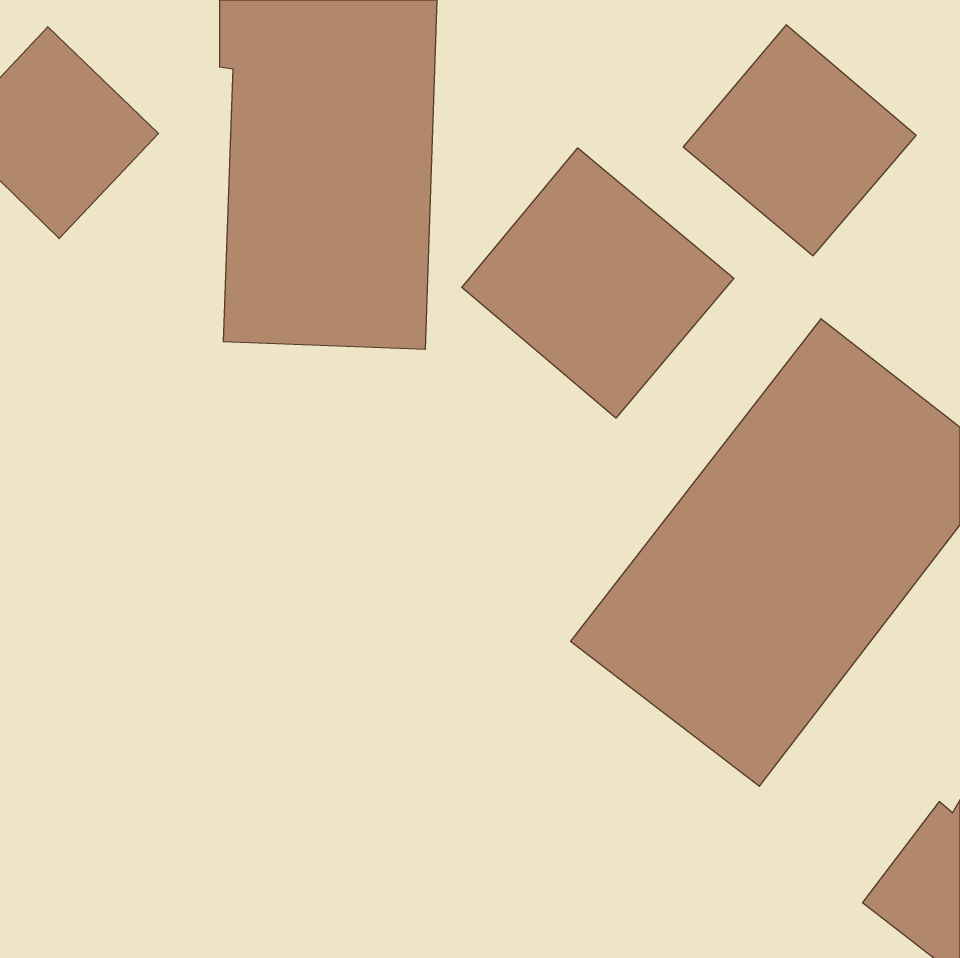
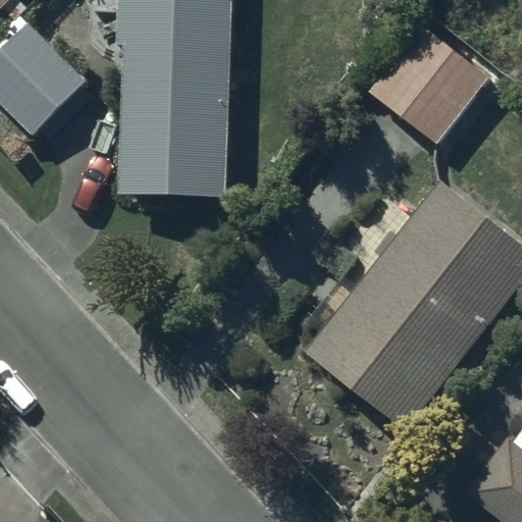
building: [462,148,734,418] -> none

